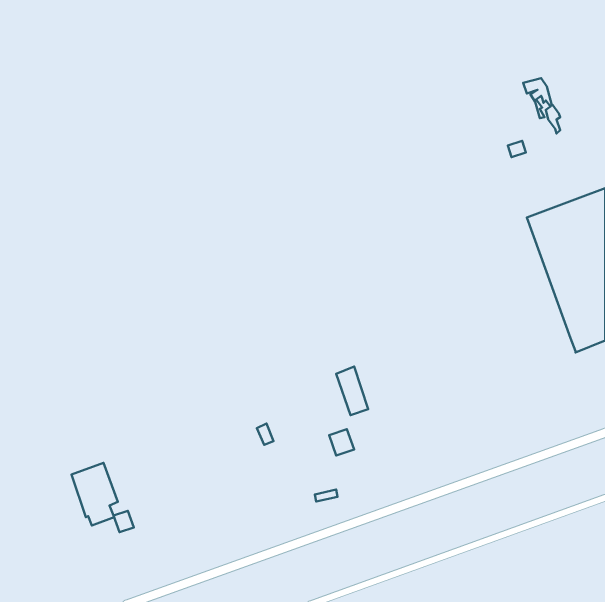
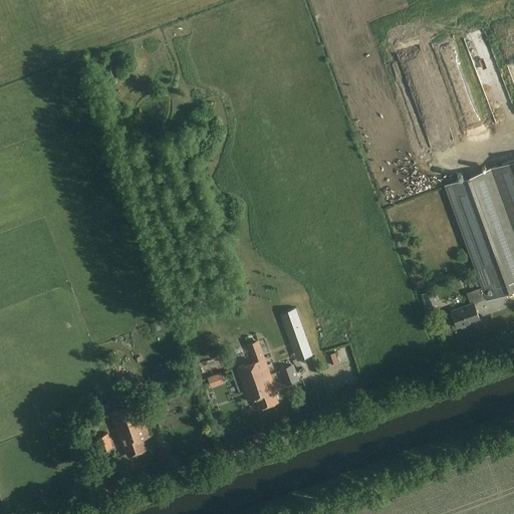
building: none -> [452,289,488,330]
building: none -> [236,344,278,410]
building: [72,463,118,525] -> [110,405,150,458]

